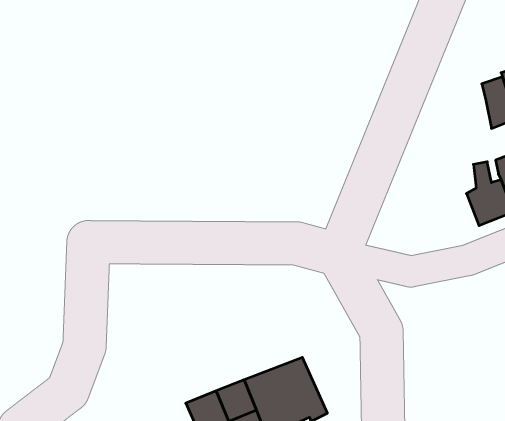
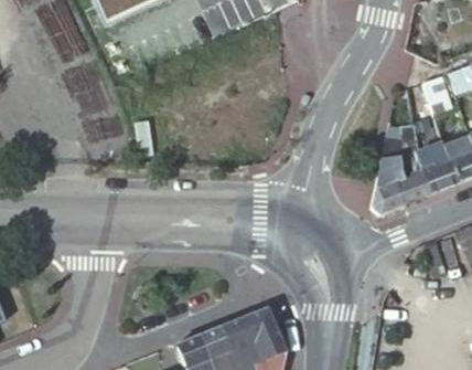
building: none -> [369,118,410,213]

